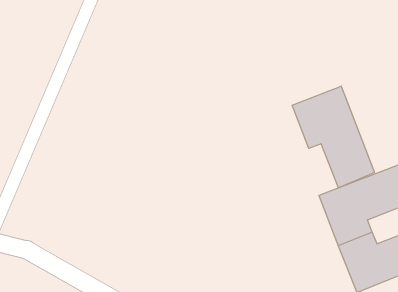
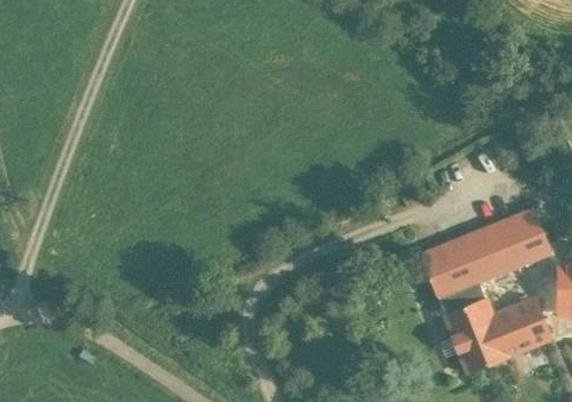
building: [292,86,374,188] -> none

